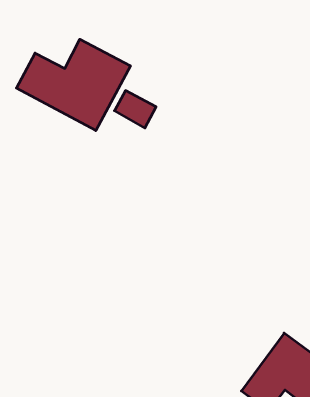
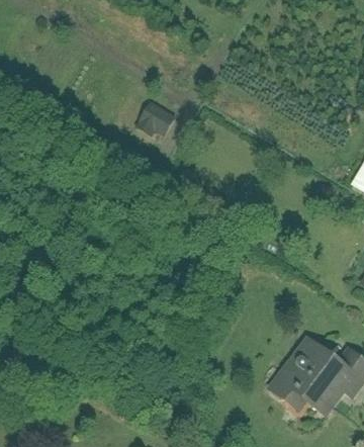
building: [16,39,130,131] -> none

